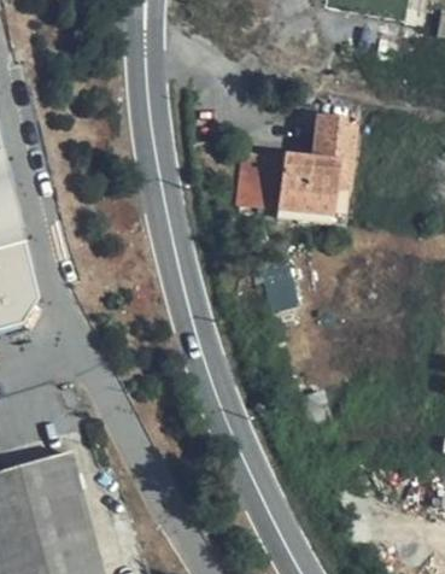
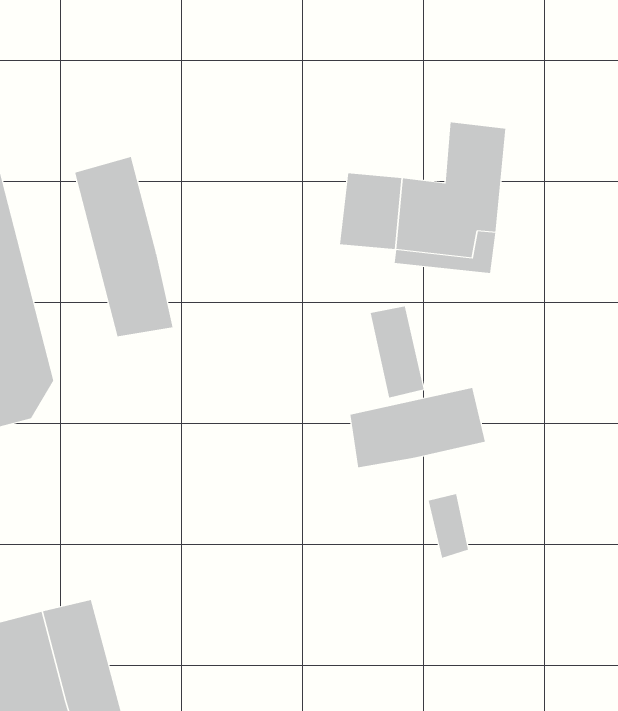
building: none -> [74,156,173,337]
building: none -> [350,387,486,468]

